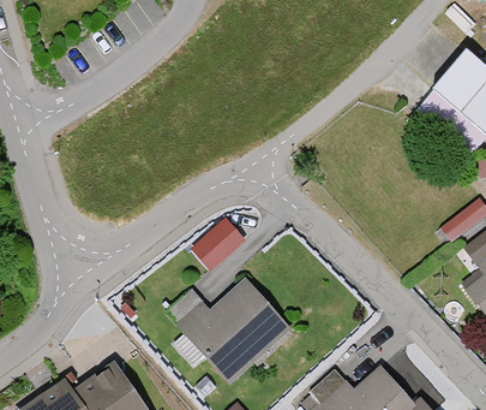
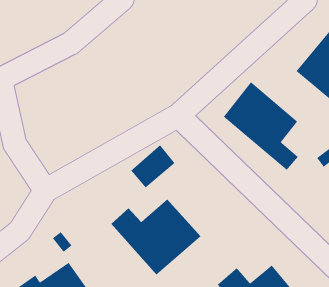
building: none -> [223,81,299,171]

